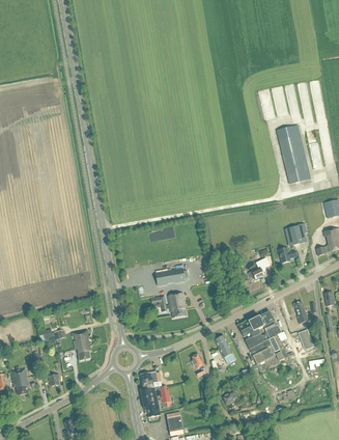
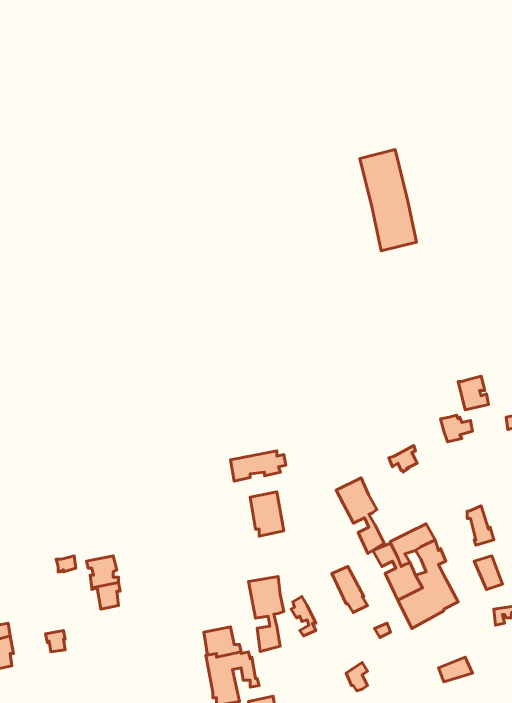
building: [276,125,309,184] -> [360,150,417,251]
building: none -> [336,478,384,554]
building: none -> [249,576,284,651]

